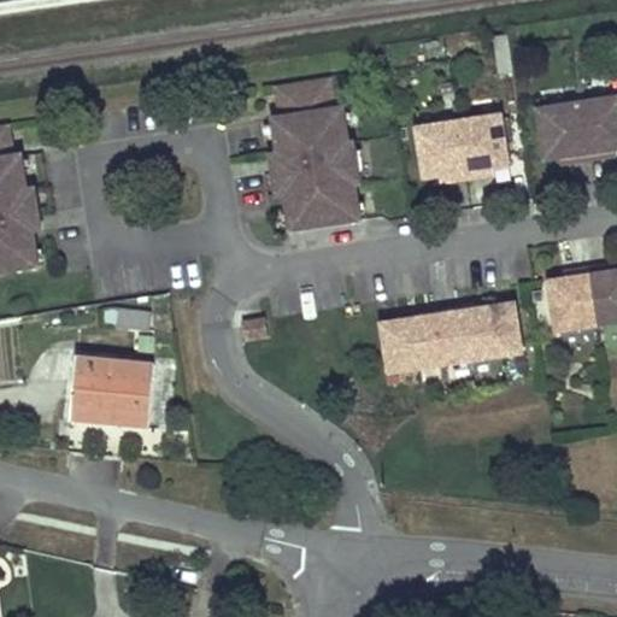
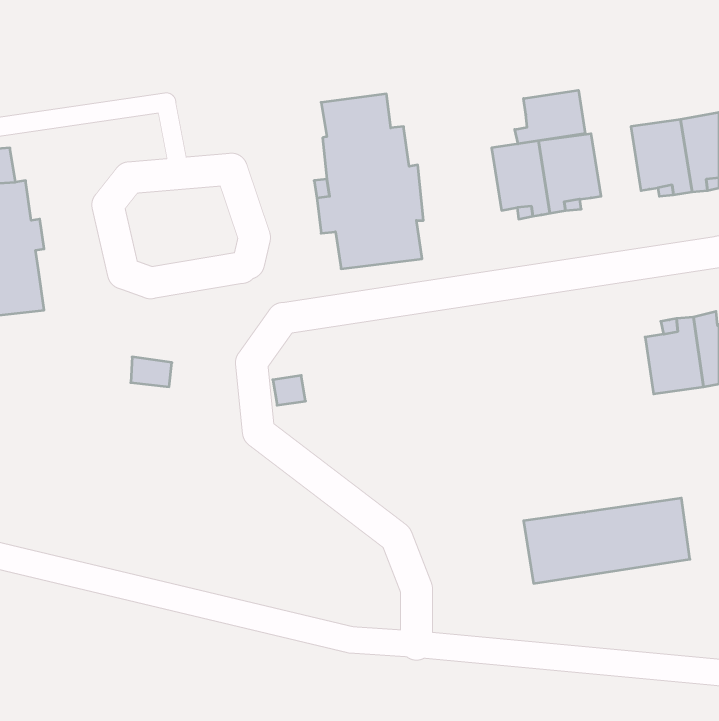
building: none -> [515,90,585,144]
building: [380,302,521,375] -> [524,498,690,583]
building: [66,352,148,423] -> none

